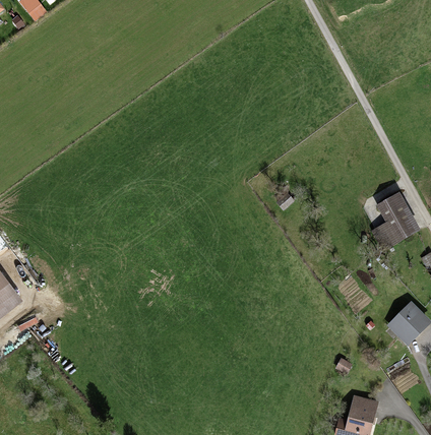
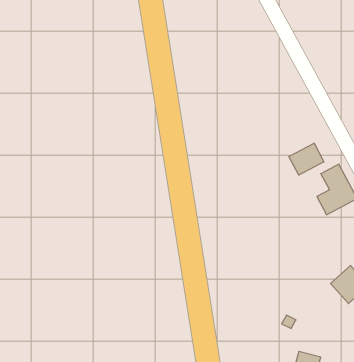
building: none -> [289,143,324,175]

